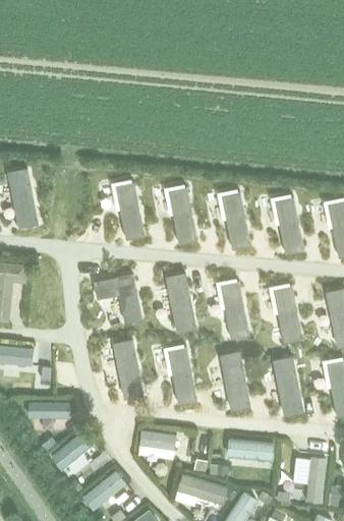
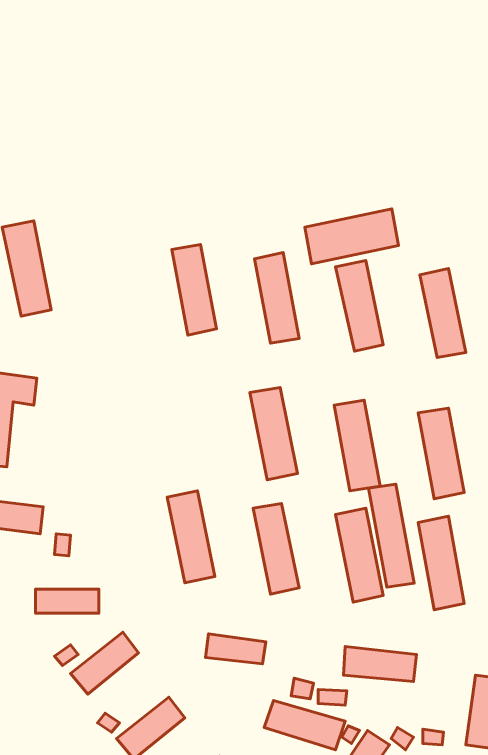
building: none -> [305,209,399,264]
building: [93,274,141,324] -> none
building: none -> [368,484,414,587]

